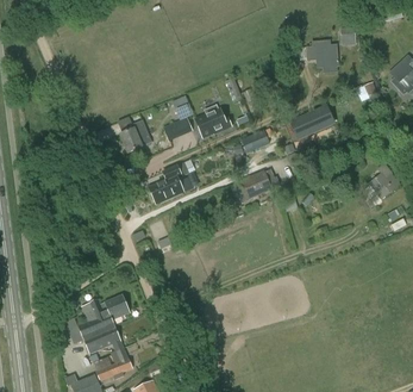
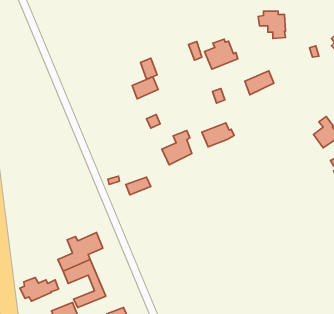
building: [193,104,231,138] -> [204,39,238,69]
building: [119,120,150,153] -> none
building: [148,164,182,204] -> [162,130,192,165]
building: none -> [20,277,59,301]

